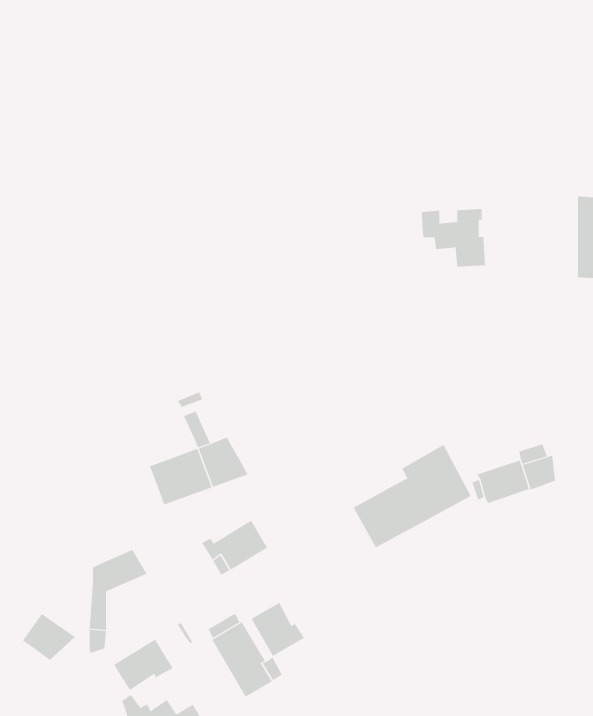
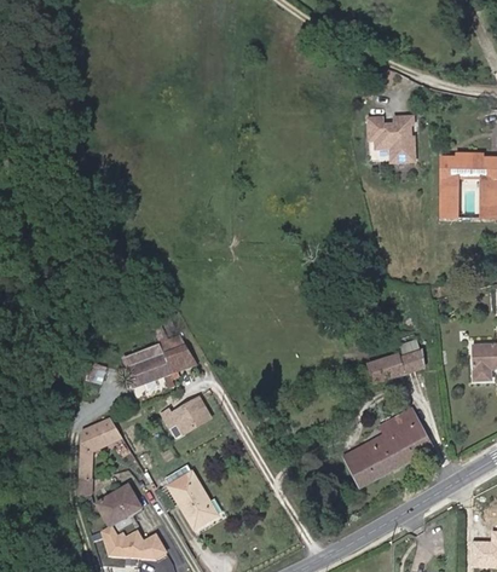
building: [421,209,486,267] -> [366,116,415,160]
building: [353,444,472,548] -> [343,409,432,486]
building: [251,602,305,657] -> none
building: [22,613,76,661] -> none

